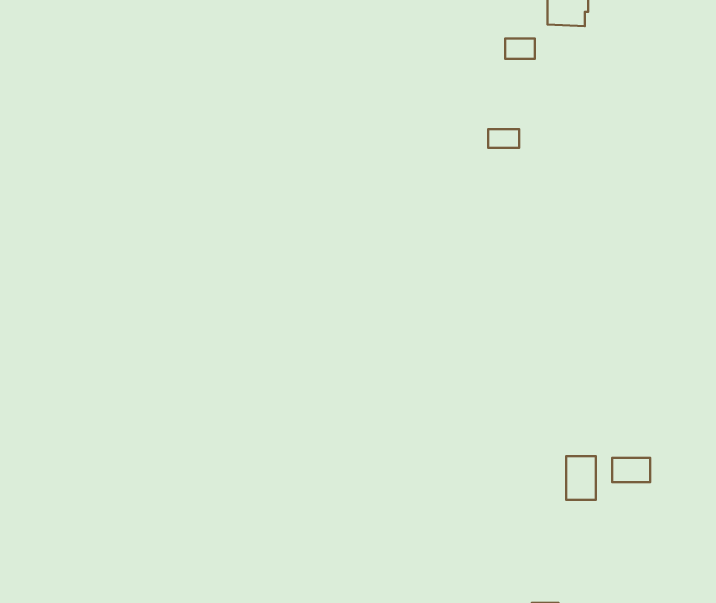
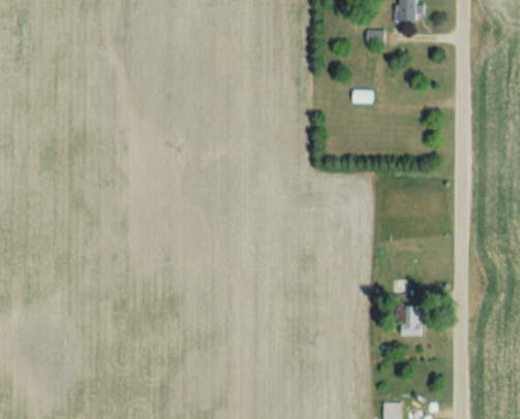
building: [612,458,650,482] -> none

